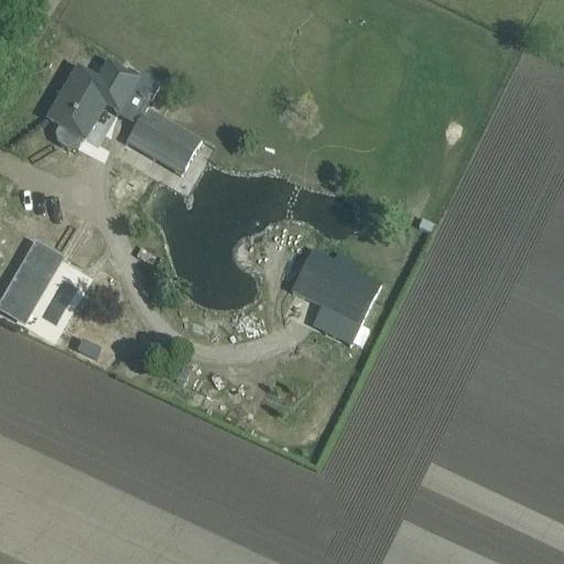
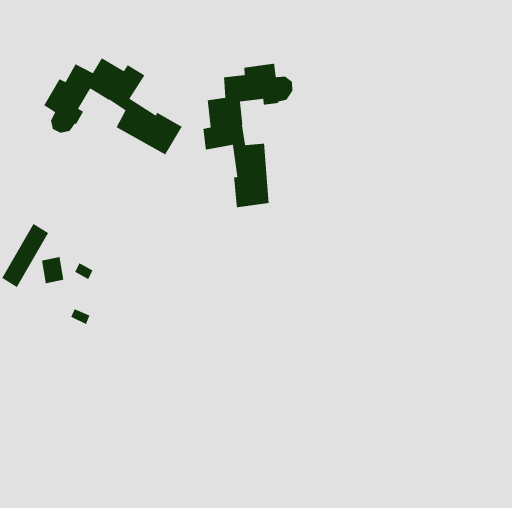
building: none -> [203,63,293,208]
building: [290,248,380,343] -> none

